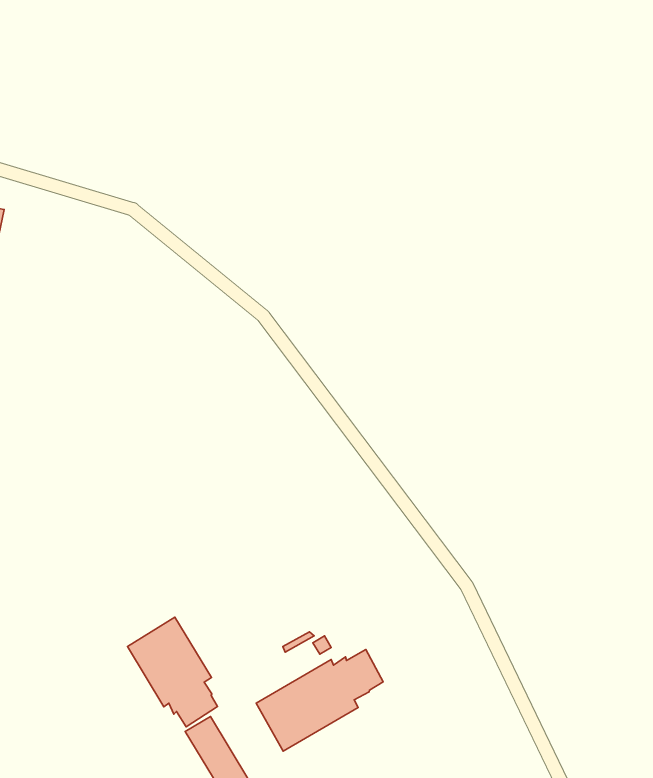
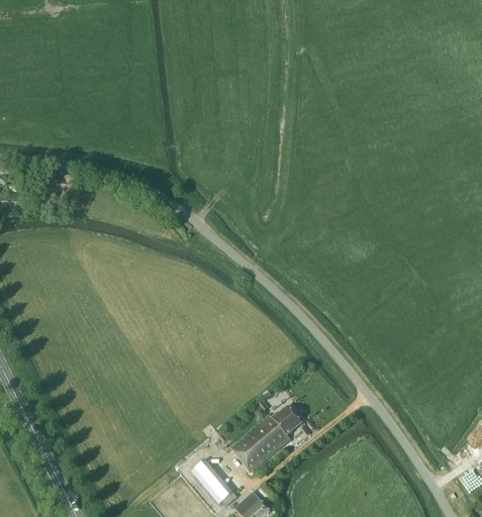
building: [127,617,218,727] -> none

